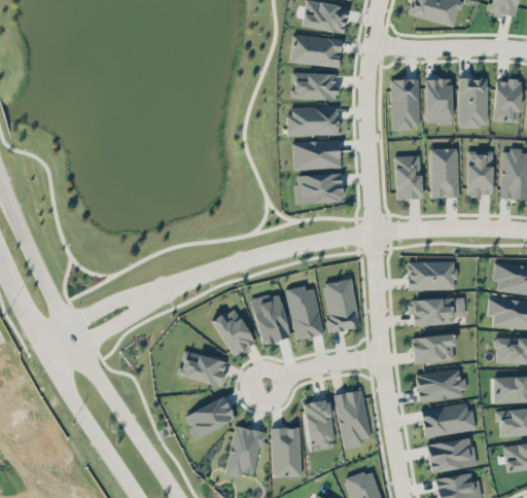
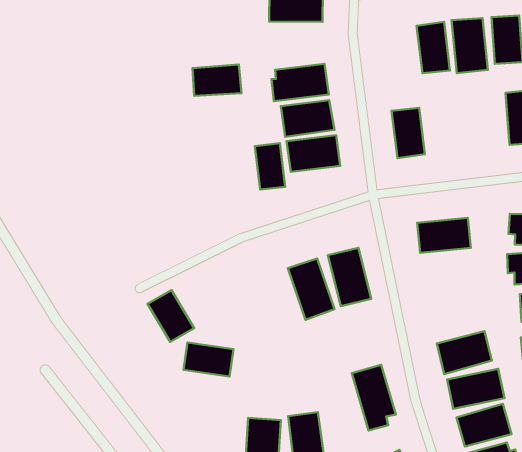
building: [292,72,337,100] -> [192,65,242,96]
building: [391,78,421,129] -> none
building: [430,148,459,198] -> none
building: [467,151,494,195] -> none
building: none -> [255,143,285,190]
building: [251,292,291,344] -> none
building: [410,297,454,325] -> none
building: [213,308,254,355] -> [147,290,194,342]
building: [412,333,455,363] -> none
building: [184,397,236,437] -> none
building: [305,400,335,448] -> none

